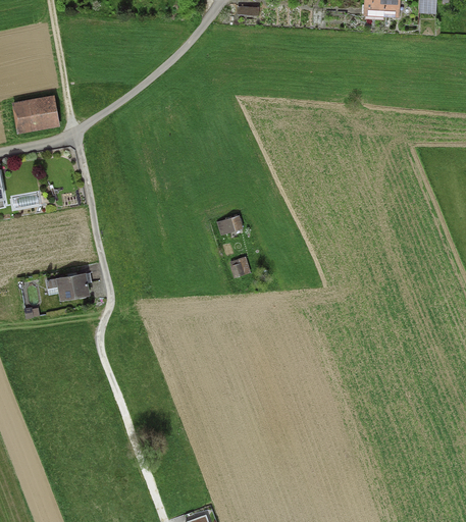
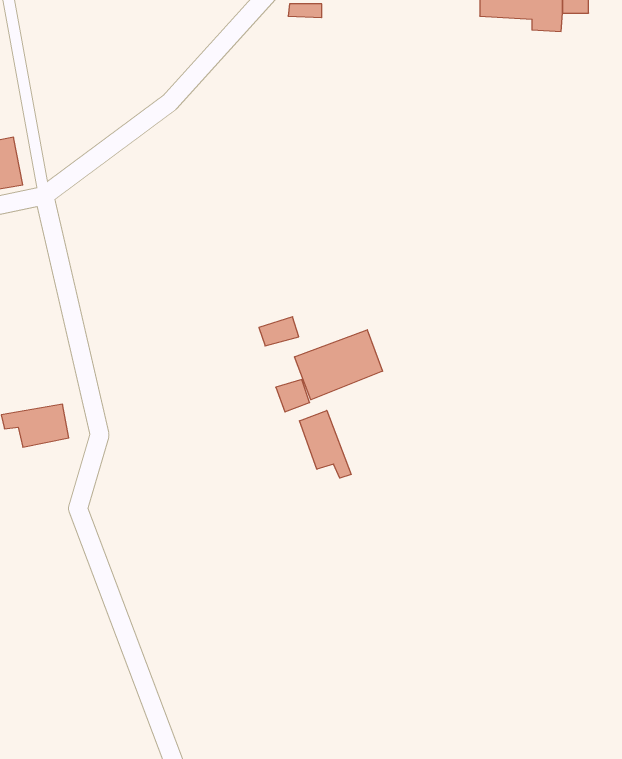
building: none -> [295,330,383,400]
building: none -> [299,410,351,478]

